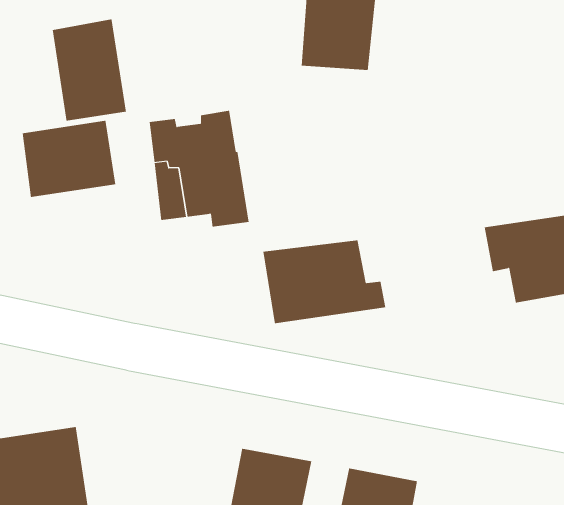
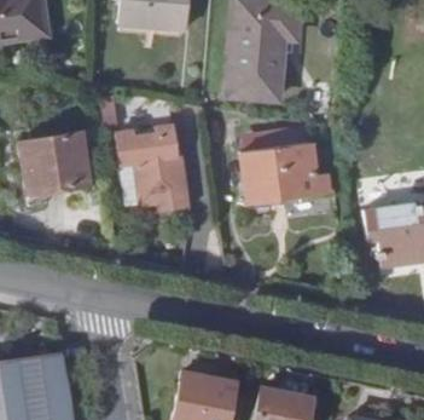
building: [52,18,126,121] -> none
building: [263,240,386,324] -> [239,140,330,202]

